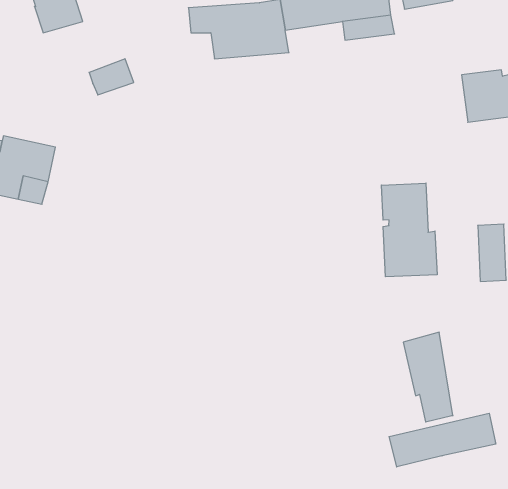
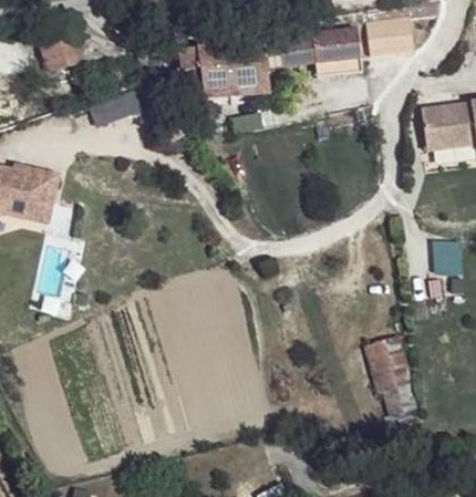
building: [381,183,437,277] -> none
building: [389,413,496,467] -> none

